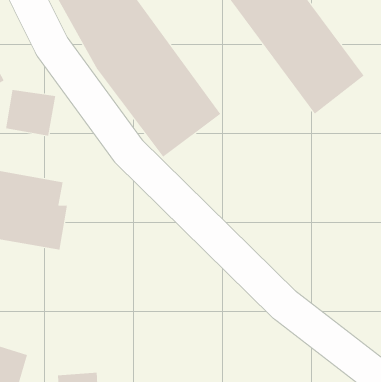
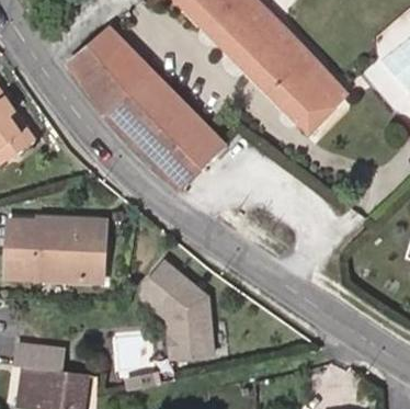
building: [5,89,56,137] -> none
building: none -> [139,260,214,365]

